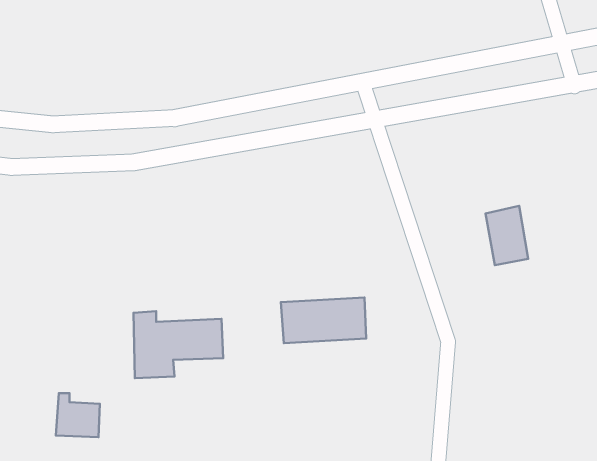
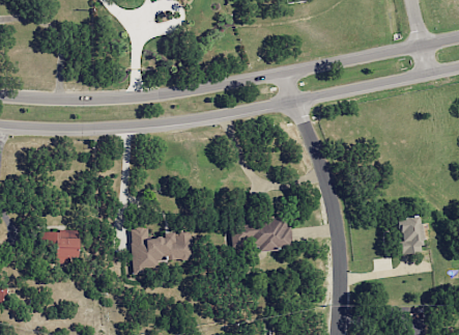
building: [486,206,528,265] -> [394,215,423,255]
building: [56,393,100,437] -> [47,232,77,262]

